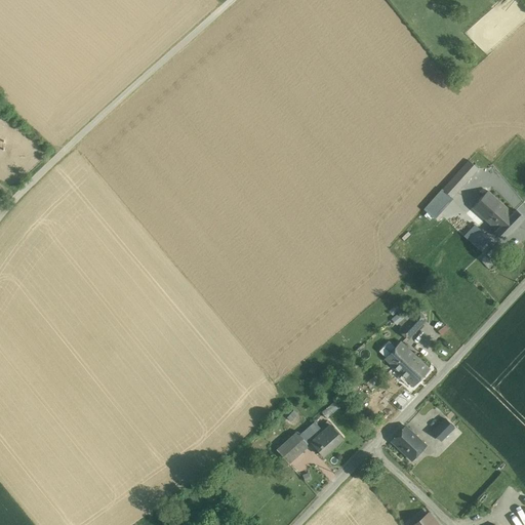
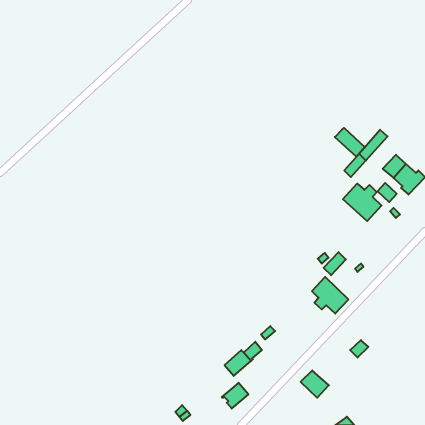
building: none -> [335,128,365,157]
building: none -> [343,184,382,221]
building: [311,425,344,456] -> [222,383,248,409]
building: [391,427,426,460] -> [301,370,329,398]

